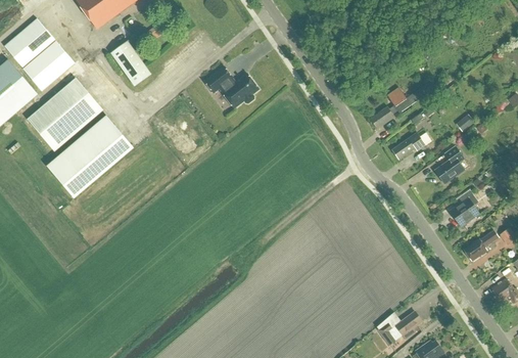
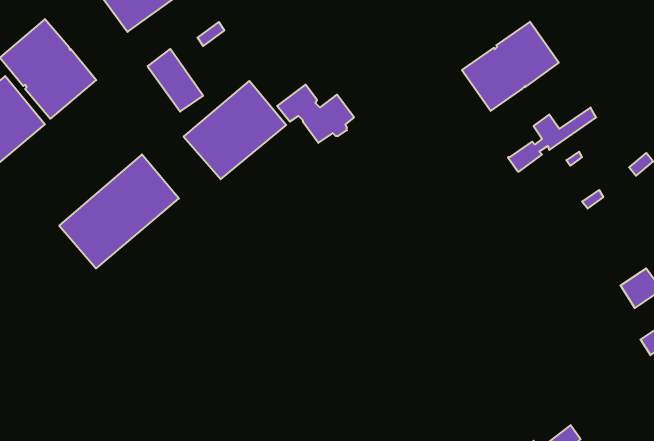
building: none -> [462,22,559,111]
building: [29,78,102,148] -> [184,81,286,179]
building: [392,132,427,159] -> none
building: [435,145,465,183] -> none

